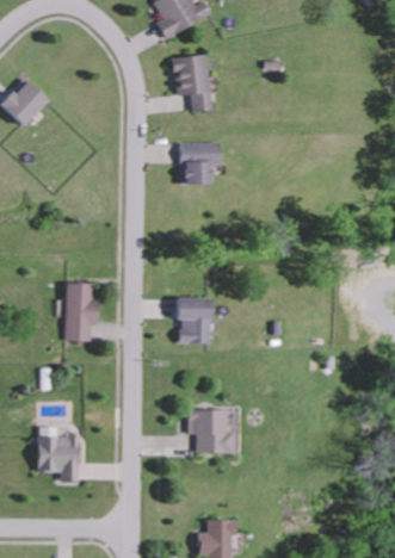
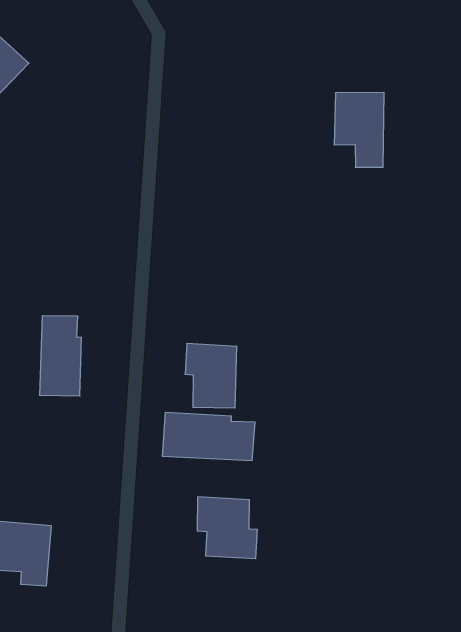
building: [175,54,214,110] -> [334,92,384,167]
building: [180,141,222,184] -> none
building: none -> [162,412,255,461]

